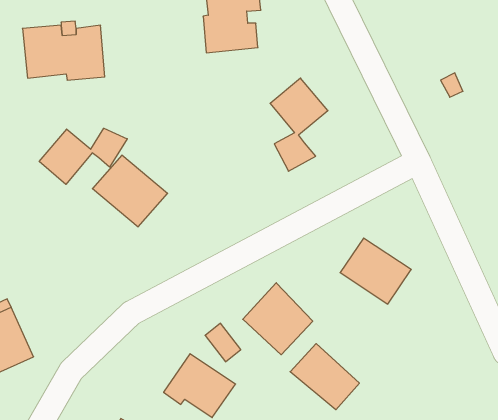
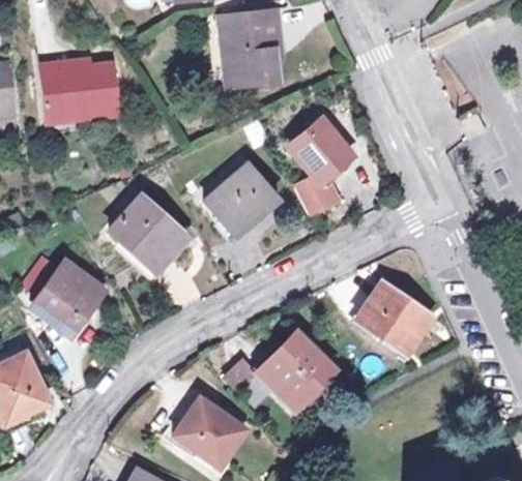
building: none -> [205,167,272,233]
building: [39,128,127,184] -> none
building: none -> [33,262,104,332]
building: [290,344,359,410] -> none

